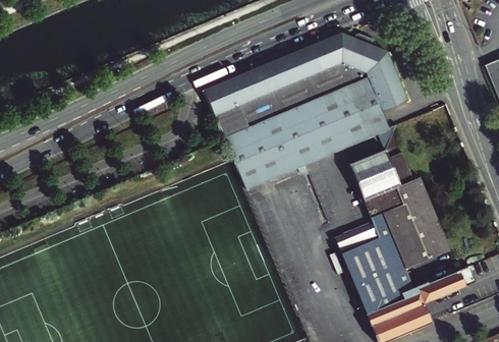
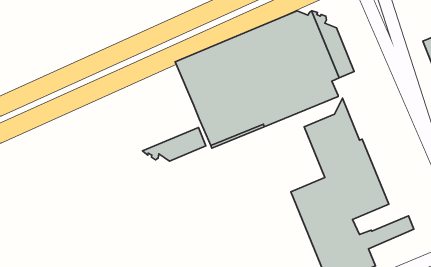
building: none -> [142,128,206,161]

